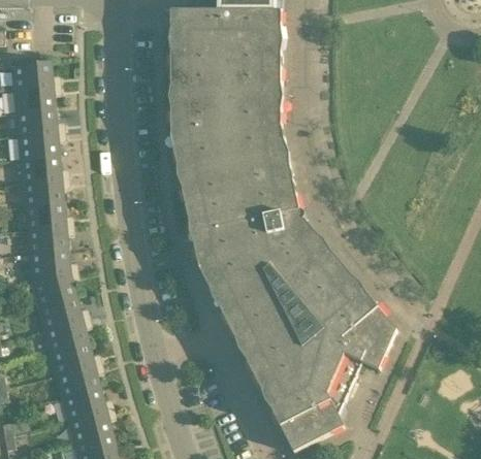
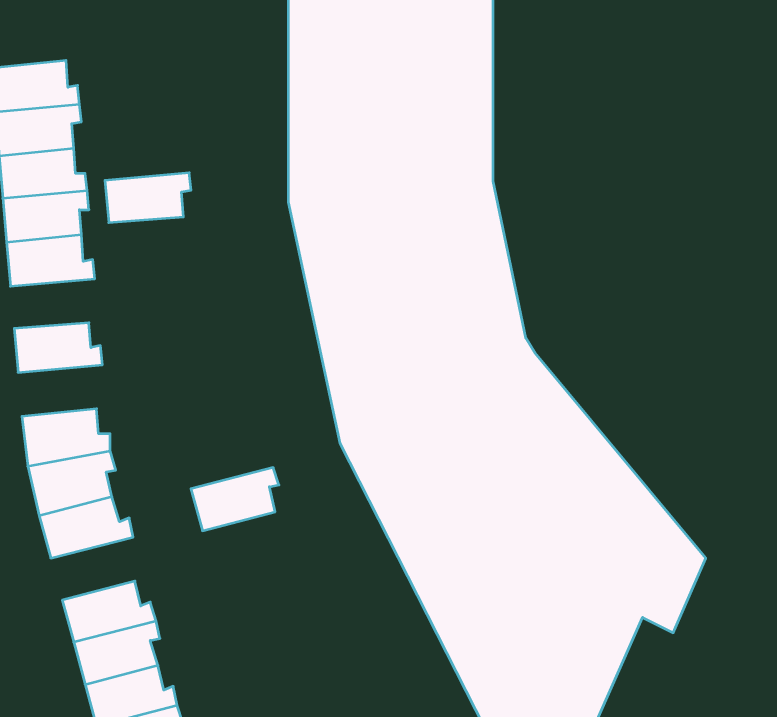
building: [21,177,67,204] -> [105,173,191,223]
building: [25,224,71,252] -> none
building: [42,317,90,351] -> [191,468,279,531]

